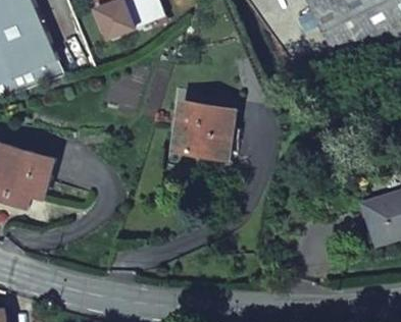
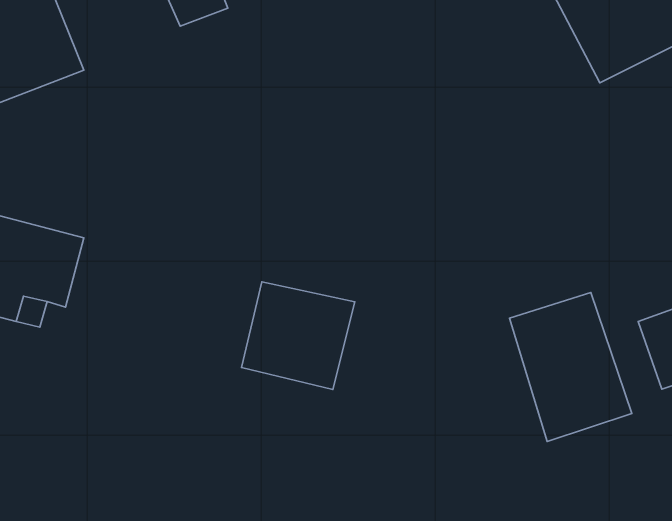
building: [174,95,238,155] -> [242,282,355,389]
building: none -> [510,292,632,442]

